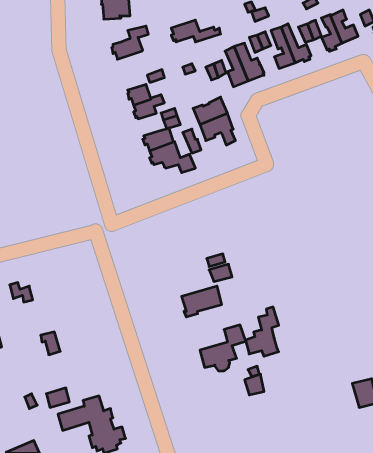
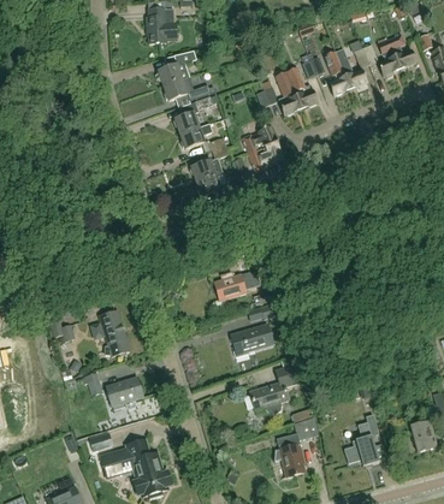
building: [171,20,221,42] -> [164,77,215,100]
building: none -> [214,271,259,300]
building: none -> [91,309,130,356]
building: [246,307,279,356] -> [344,414,379,466]
building: none -> [106,376,143,408]
building: none -> [274,433,306,476]

